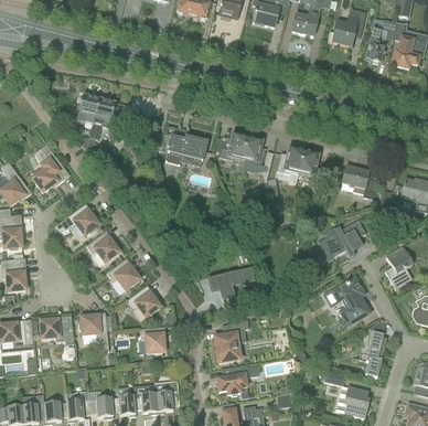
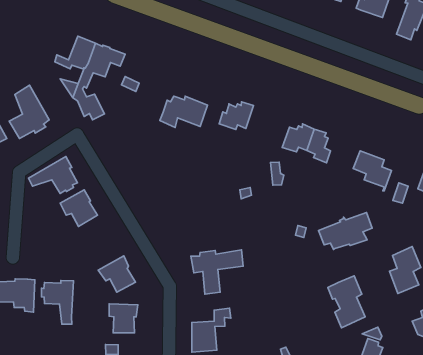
building: [240,137,270,178] -> none
building: [107,257,140,289] -> none

